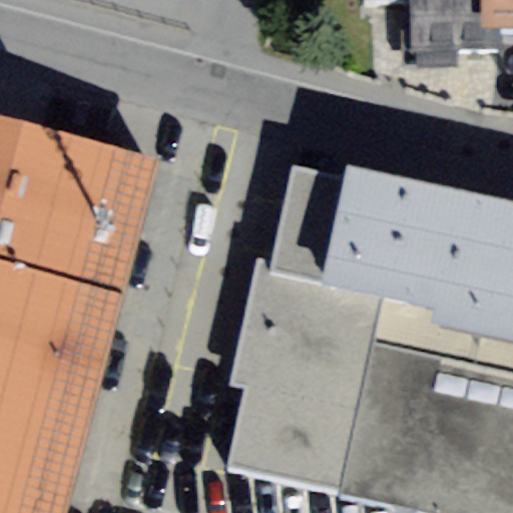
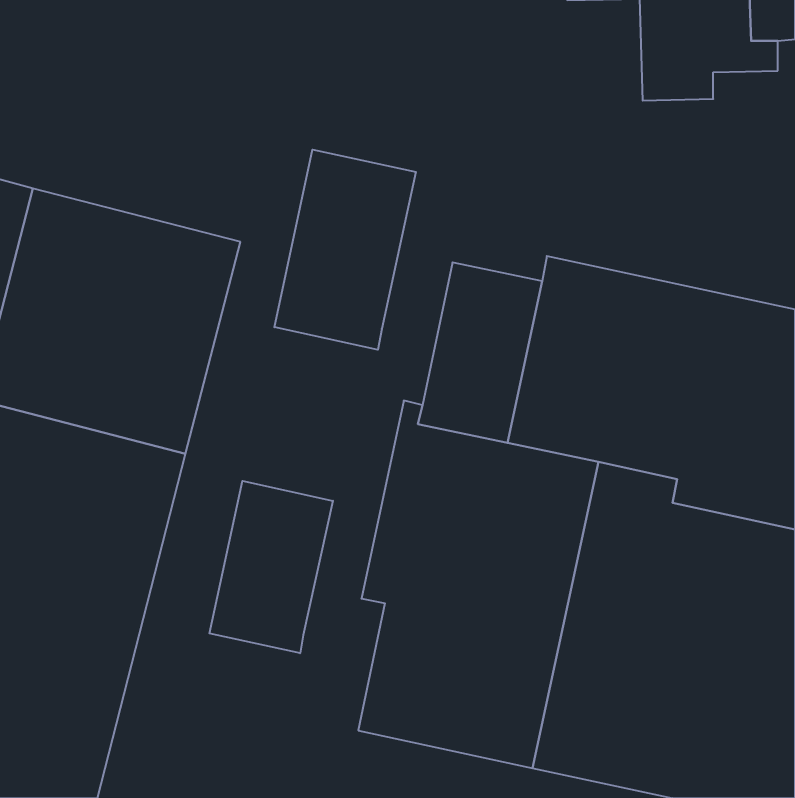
building: none -> [274,150,416,350]
building: none -> [209,481,333,653]

